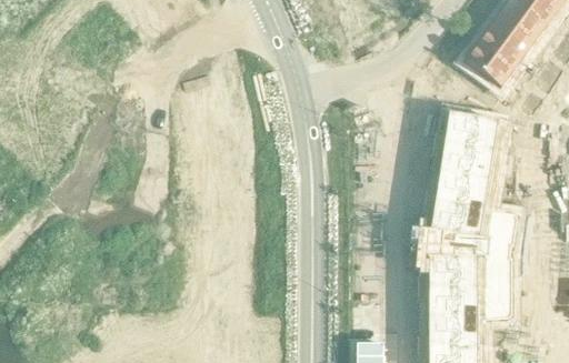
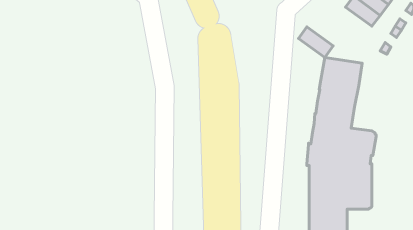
building: [465,39,511,80] -> [298,27,333,57]

